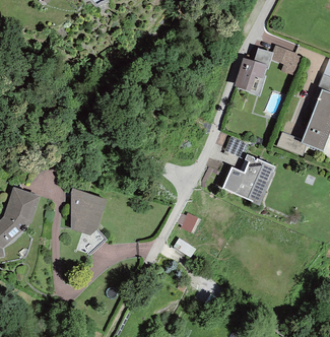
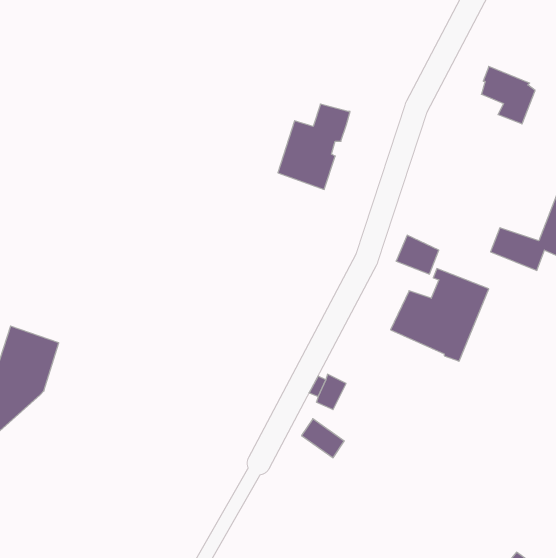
building: [234,48,273,94] -> [278,104,350,189]
building: [70,187,107,234] -> none

